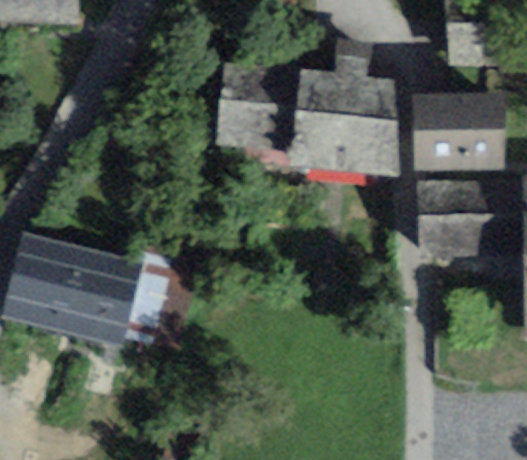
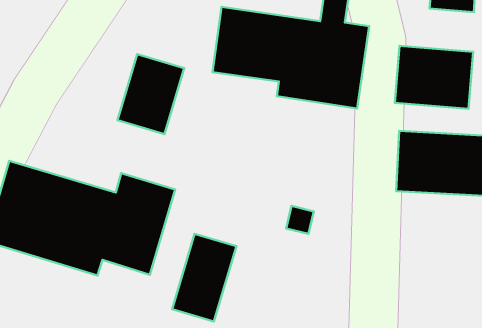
building: none -> [117,54,184,134]
building: none -> [172,234,236,322]

